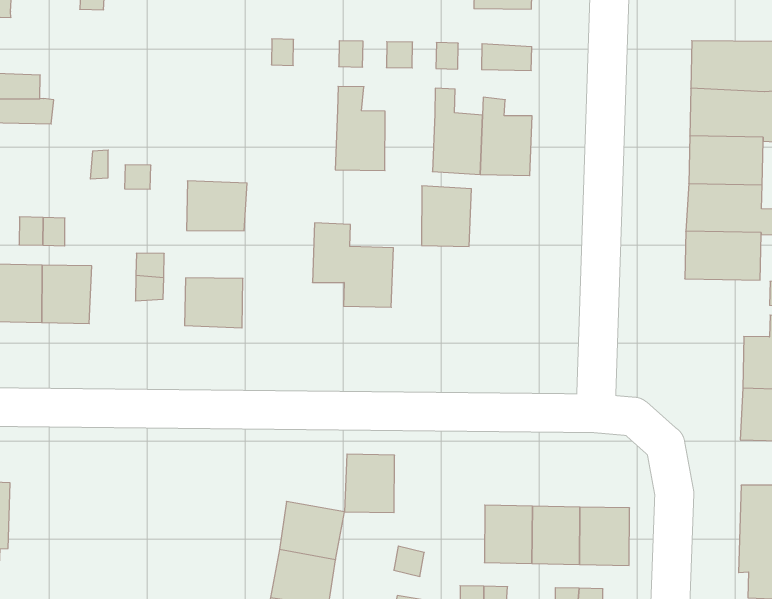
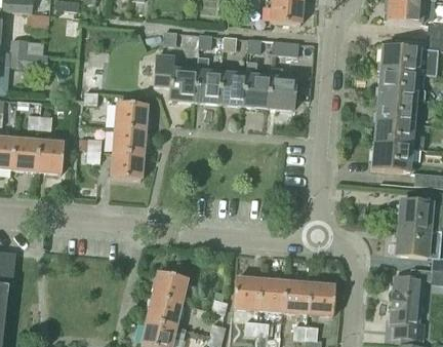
building: [422,186,471,246] -> [219,72,247,105]
building: [312,223,393,307] -> [154,54,197,101]
building: none -> [113,127,145,154]
building: [345,454,395,513] -> [233,277,260,309]

